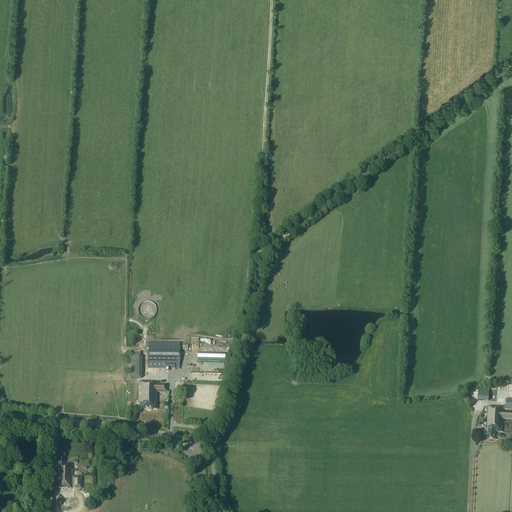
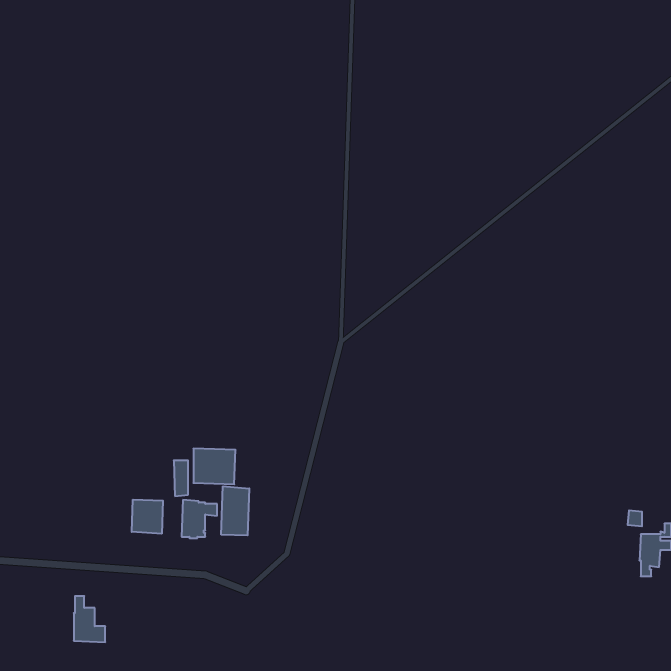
building: none -> [221,486,249,535]
building: none -> [132,500,163,534]

